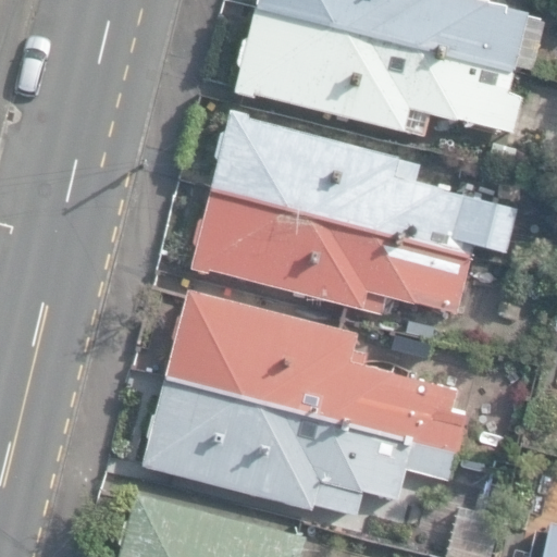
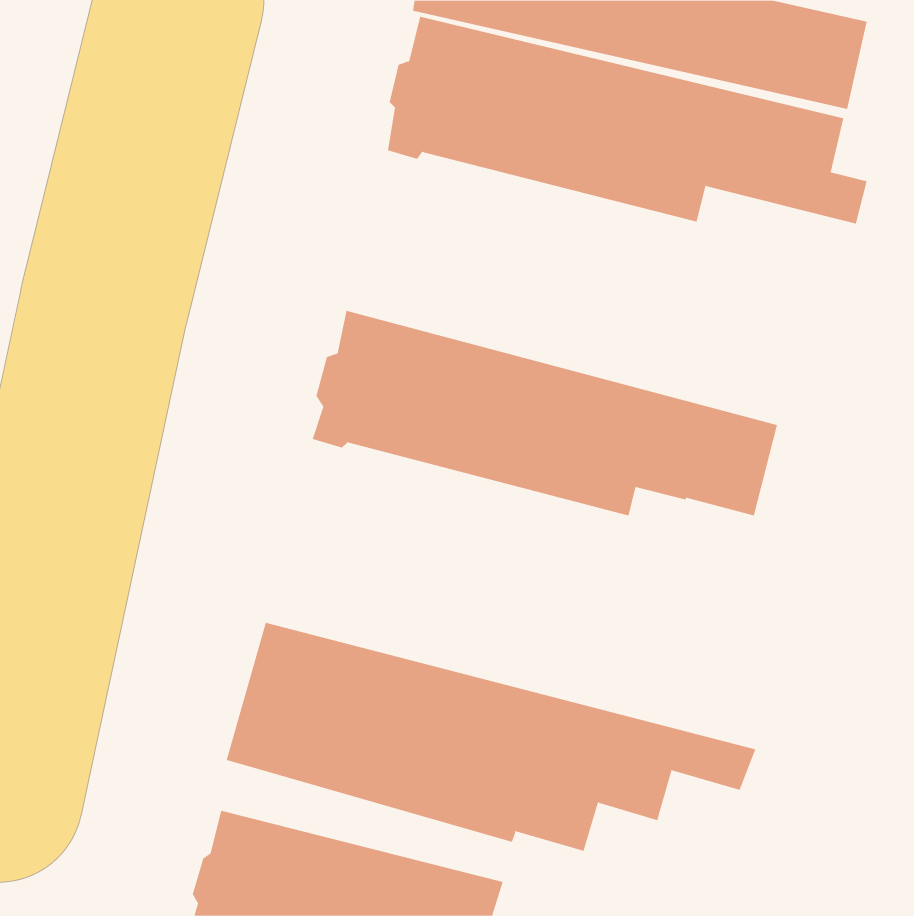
building: [210,111,517,258] -> none
building: [165,290,467,450] -> none

